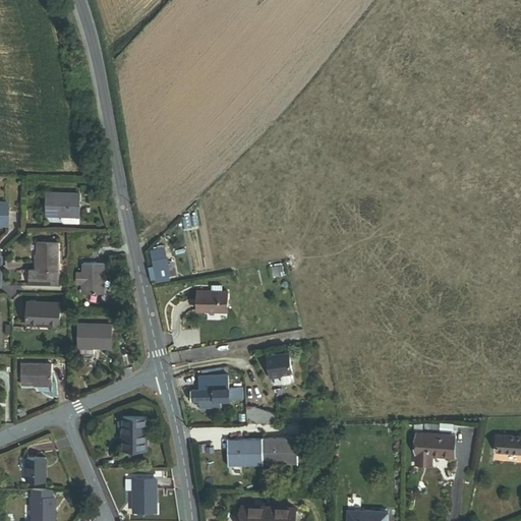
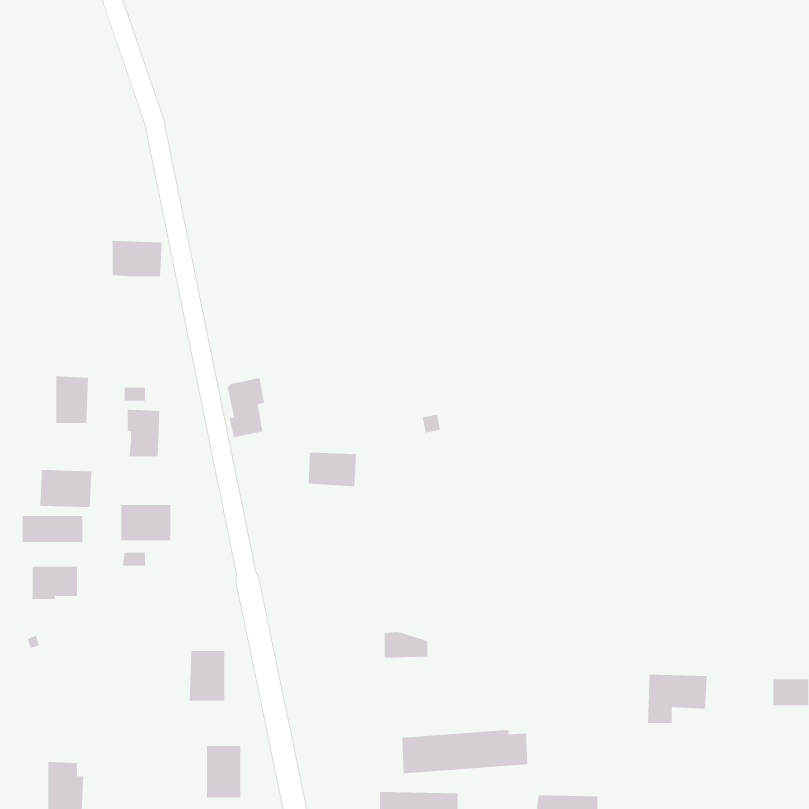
building: [46,193,78,217] -> [112,240,163,277]
building: [28,271,56,286] -> none
building: none -> [22,515,83,543]
building: [266,353,292,381] -> none
building: [185,373,242,409] -> none
building: [226,436,307,464] -> [401,730,528,774]
building: [25,458,44,482] -> none

